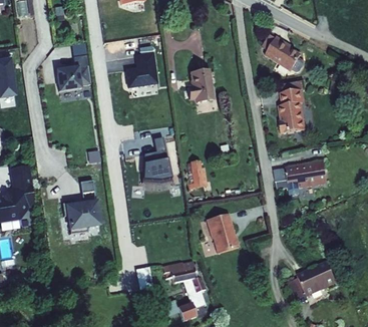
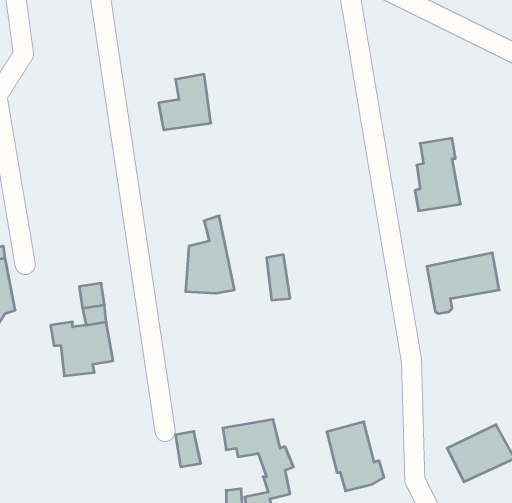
building: [265,36,304,71] -> none
building: [54,56,89,93] -> none
building: [187,69,213,103] -> none
building: [206,212,240,253] -> [327,422,384,491]

